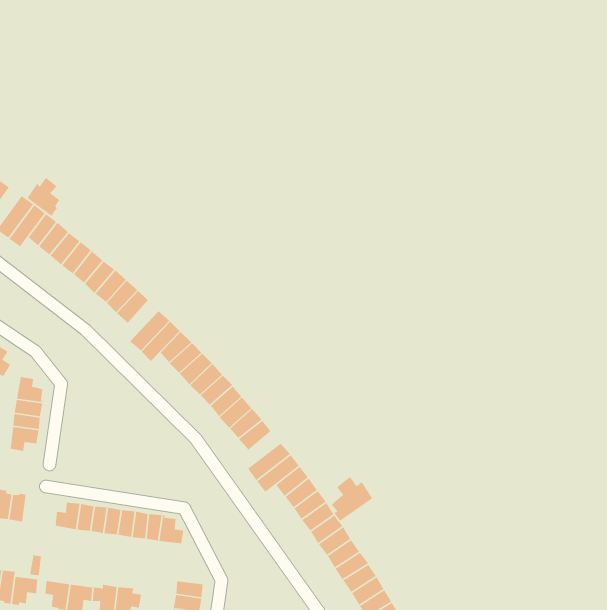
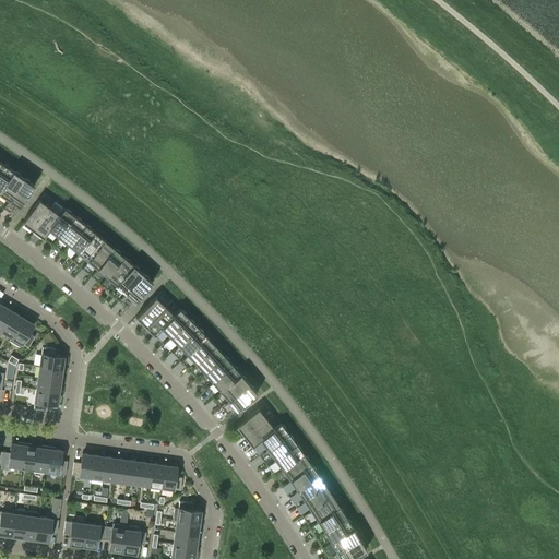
building: [26,177,60,217] -> none
building: [331,476,373,522] -> none
building: none -> [46,449,68,476]
building: none -> [174,502,201,525]

